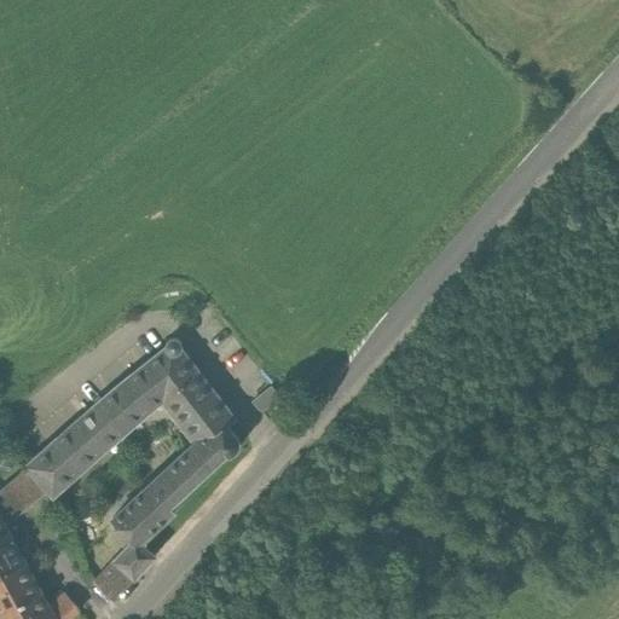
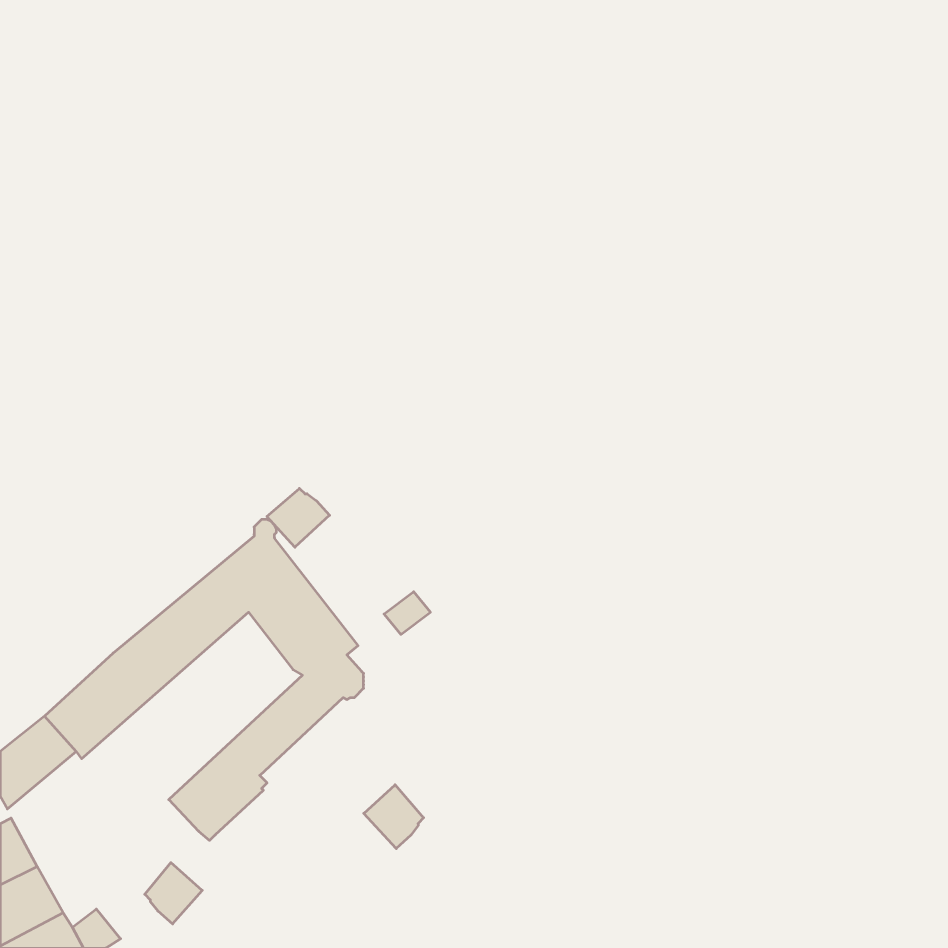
building: none -> [267,488,330,547]
building: none -> [364,785,424,849]
building: [111,542,152,580] -> none

